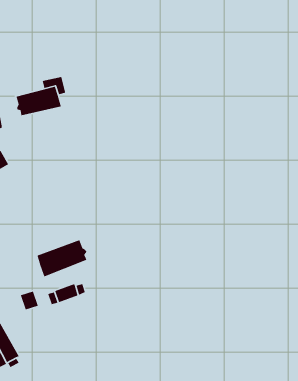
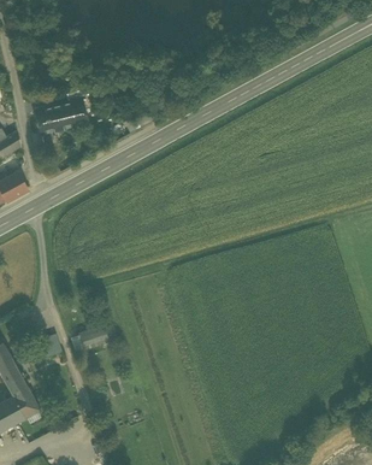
building: [37,239,88,278] -> none

